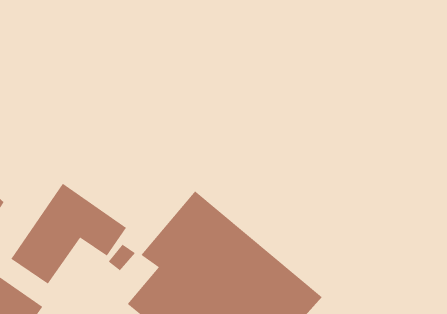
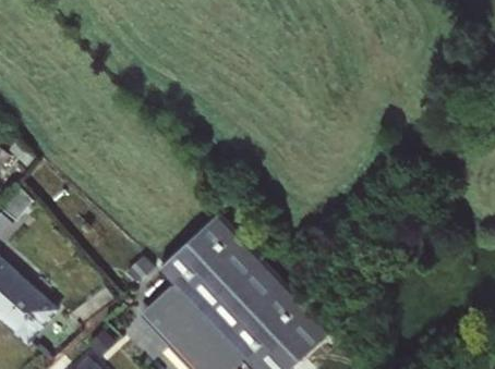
building: [11,183,127,285] -> none

